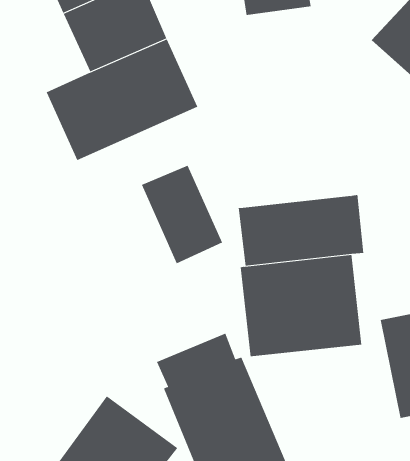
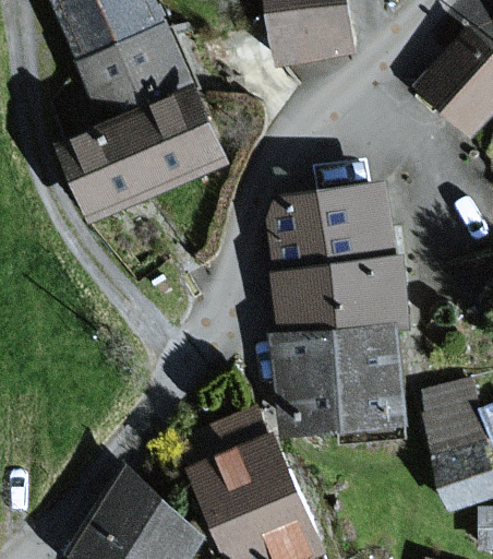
building: none -> [267,185,393,270]
building: [141,165,223,264] -> none

